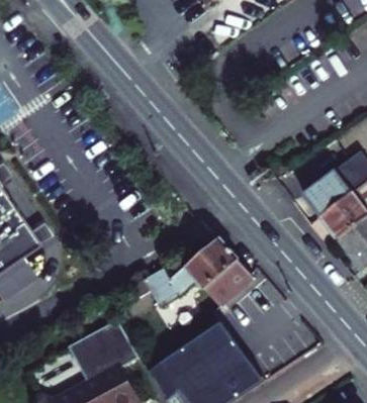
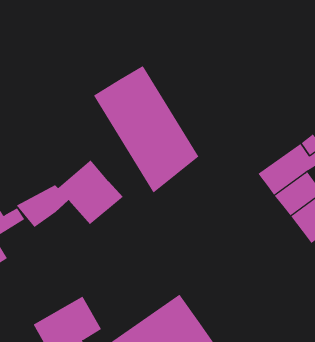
building: none -> [93,65,199,194]
building: [140,235,253,307] -> [16,160,123,228]

